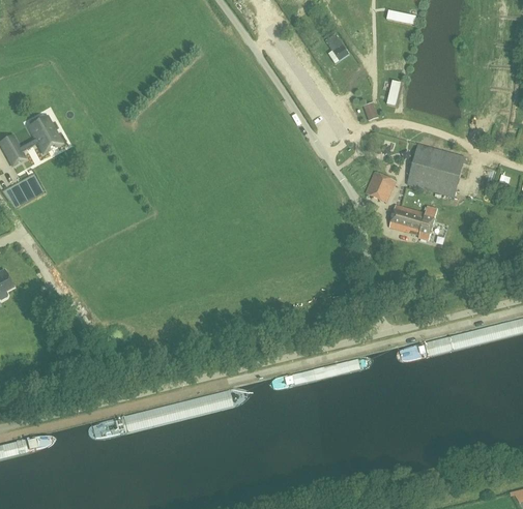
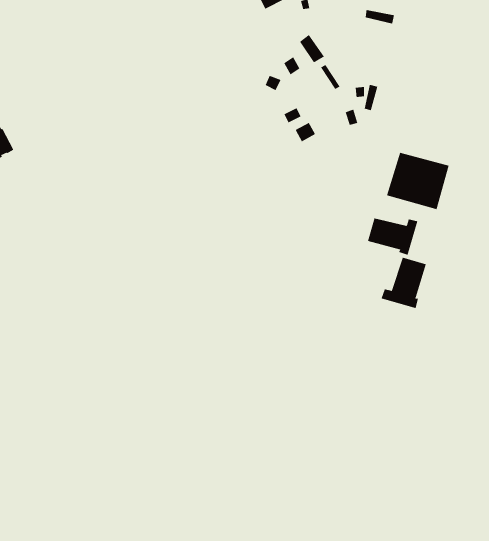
building: [365,172,395,201] -> none
building: none -> [381,257,426,309]

